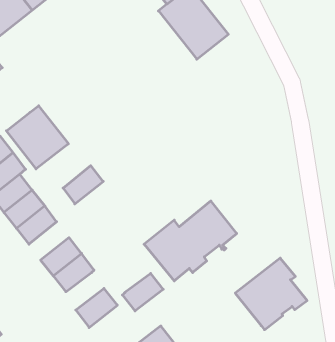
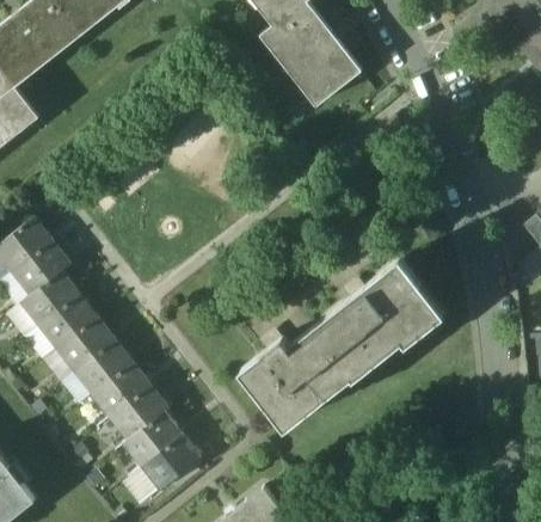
building: [6,106,68,169] -> none
building: [63,166,103,204] -> [75,339,133,394]
building: [235,258,307,330] -> [336,259,438,362]
building: [122,273,163,311] -> [124,412,183,466]

